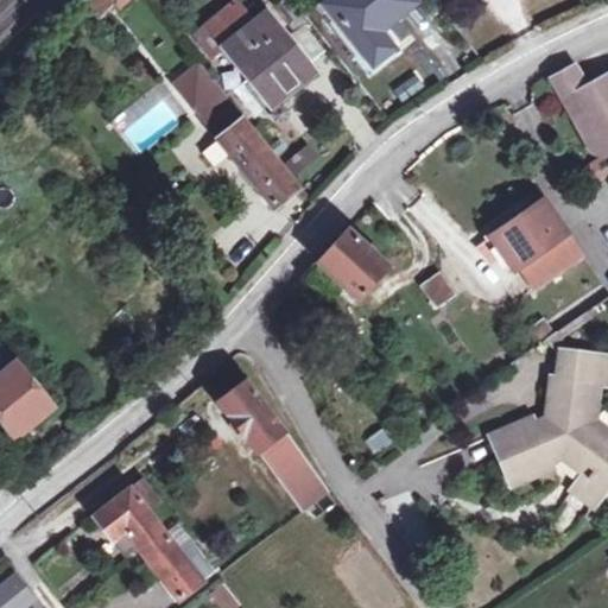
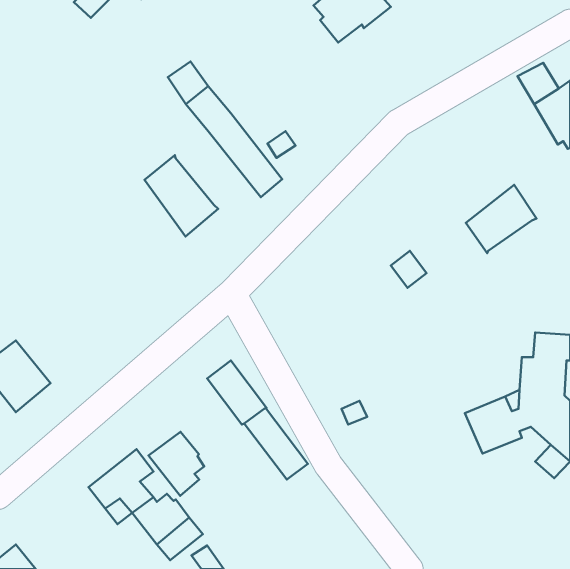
building: [210,6,315,107] -> none
building: [318,6,392,63] -> none
building: none -> [144,155,218,237]
building: [319,230,386,296] -> none
building: [518,234,577,286] -> none
building: none -> [148,432,204,496]

